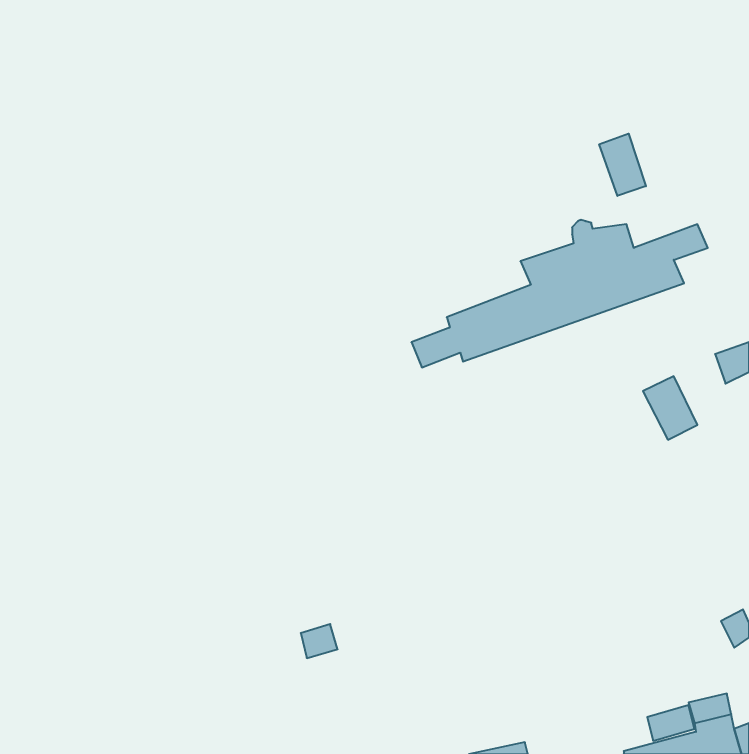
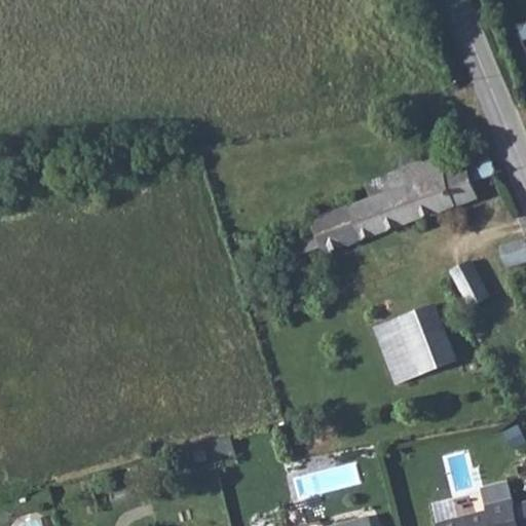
building: [599,134,646,196] -> none
building: none -> [375,304,455,380]

